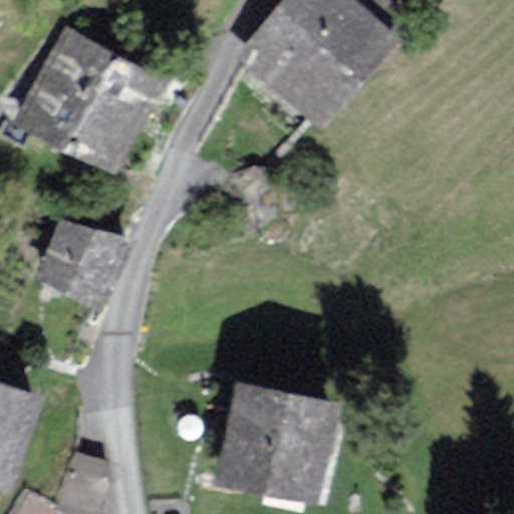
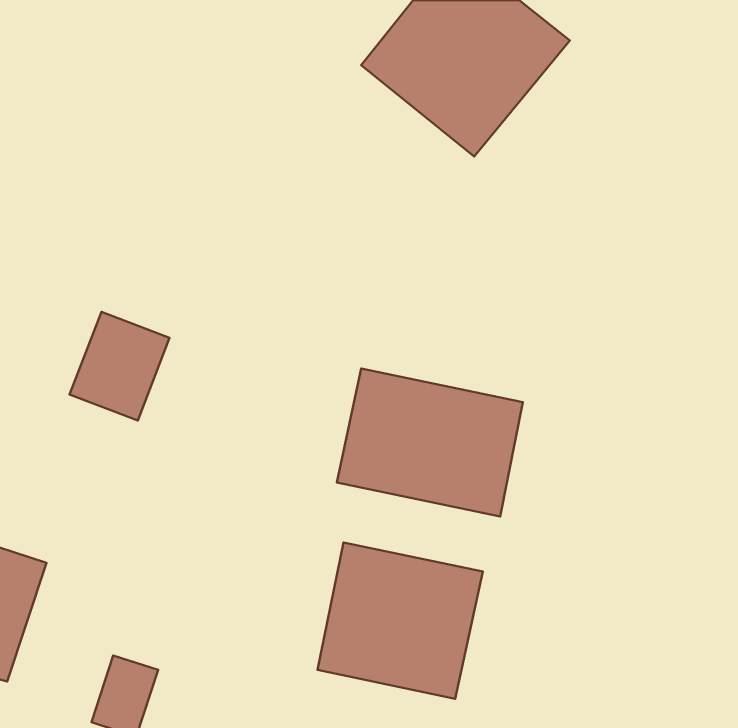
building: [24,38,159,168] -> none
building: none -> [337,369,523,516]

